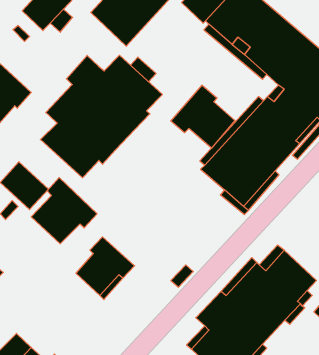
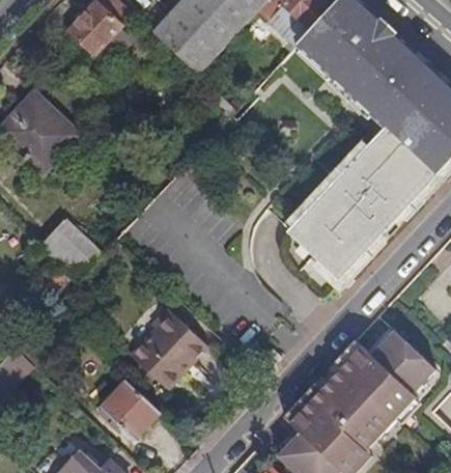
building: [40,55,162,178] -> none
building: [171,85,235,148] -> none
building: [31,178,97,244] -> none
building: none -> [101,381,160,439]

